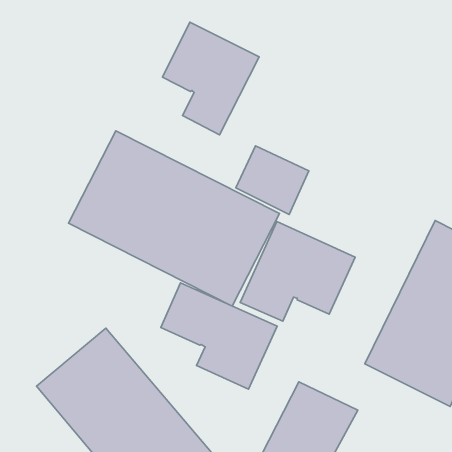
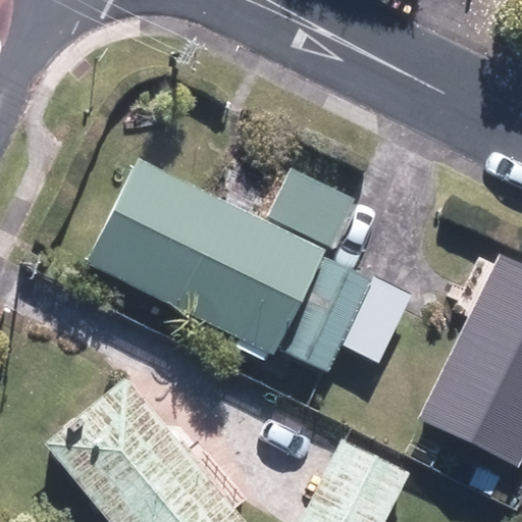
building: [162,22,259,135] -> none
building: [161,283,277,389] -> none

